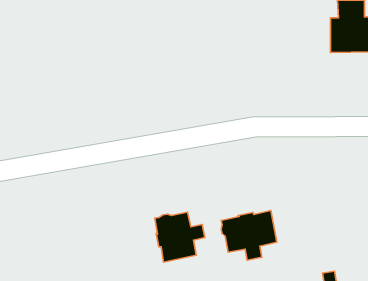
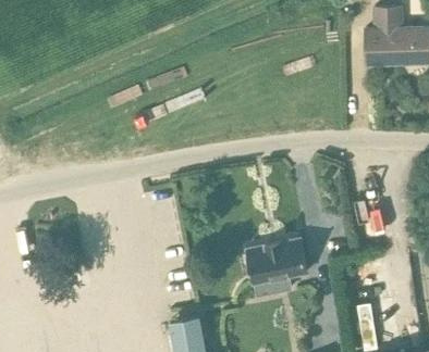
building: [155,212,205,262] -> none

